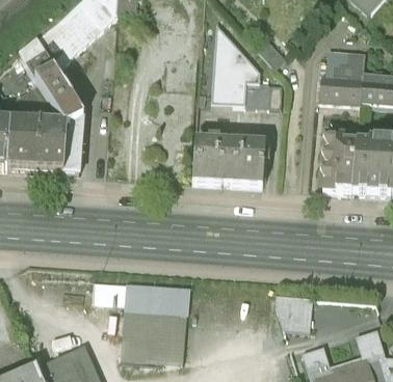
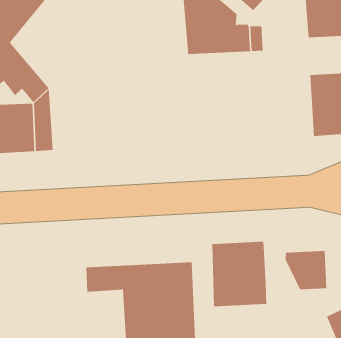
building: [193,137,267,185] -> none
building: none -> [212,241,267,307]

